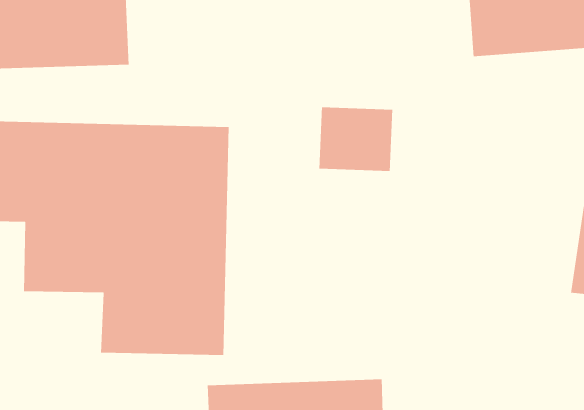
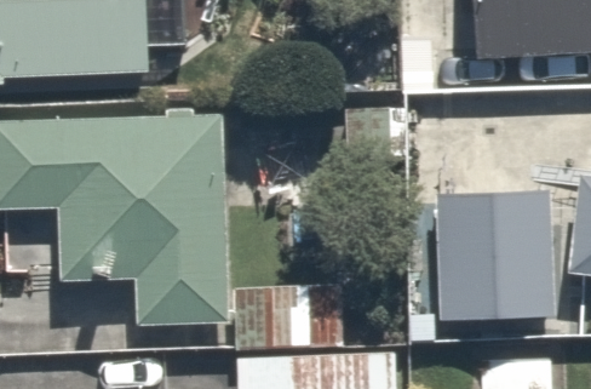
building: none -> [437,190,552,321]

